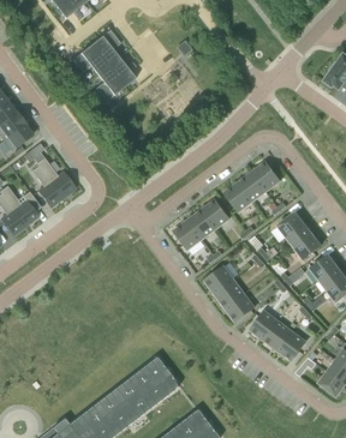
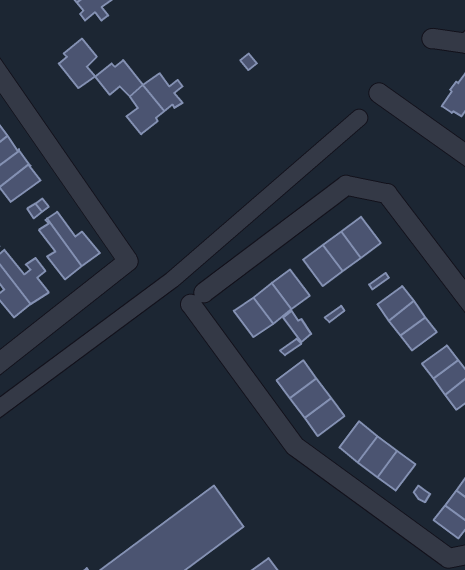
building: [93,29,120,65] -> [59,39,97,88]

